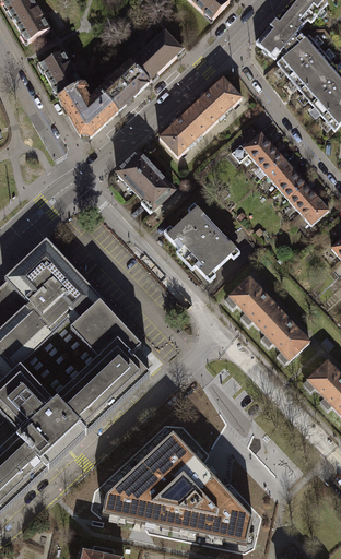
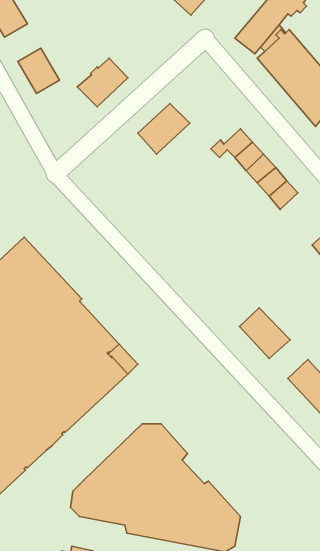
building: [130,32,183,82] -> none
building: [190,76,242,127] -> none
building: [58,82,118,135] -> none
building: [116,152,174,213] -> none
building: [299,195,329,225] -> none
building: [166,206,236,277] -> none
building: [228,277,279,328] -> none

